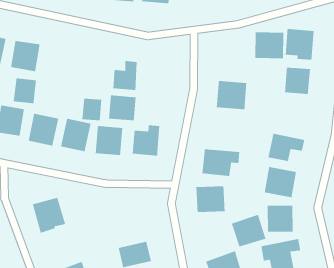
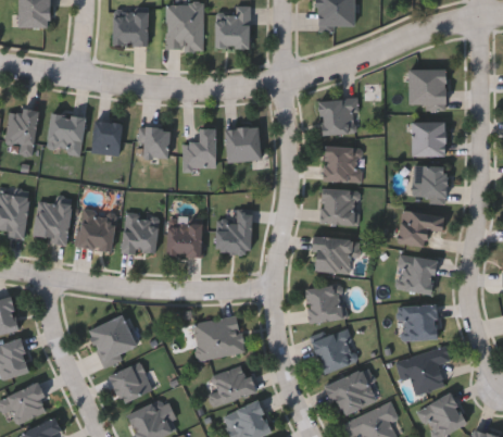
building: [254,32,284,59] -> [318,96,360,134]
building: [13,77,37,104] -> [91,121,121,154]
building: [108,95,136,121] -> [225,127,260,160]
building: [82,98,102,121] -> [143,127,168,157]
building: none -> [413,165,445,197]
building: none -> [319,188,360,224]
building: none -> [193,315,244,359]
building: [231,214,266,247] -> [310,327,359,374]
building: none -> [109,361,153,404]

